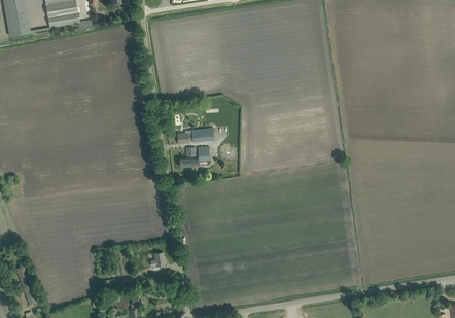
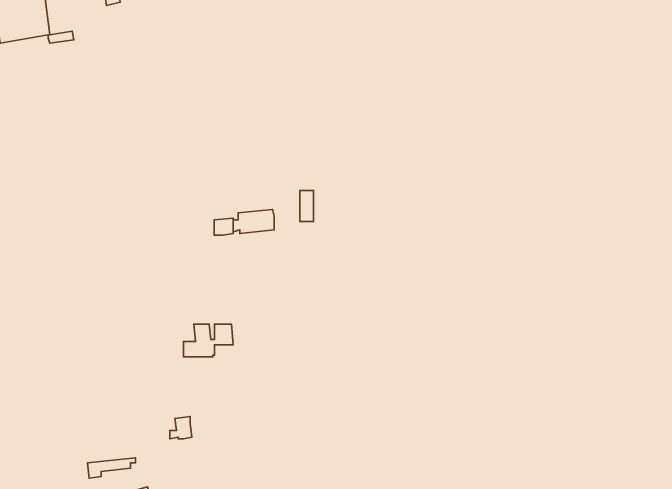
building: [179,147,209,167] -> [184,324,233,357]

